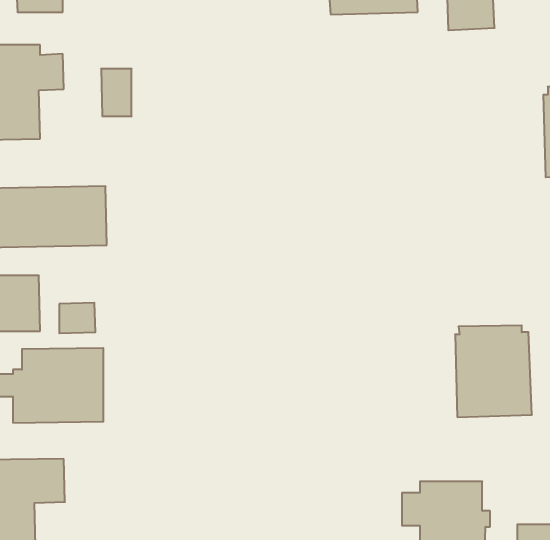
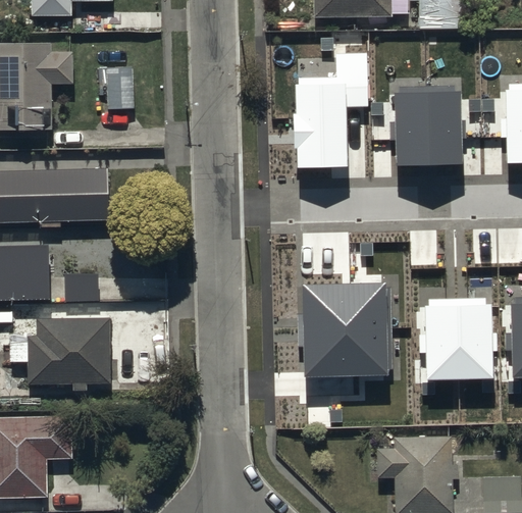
building: none -> [294,52,368,167]
building: none -> [395,84,464,166]
building: none -> [303,283,388,376]

